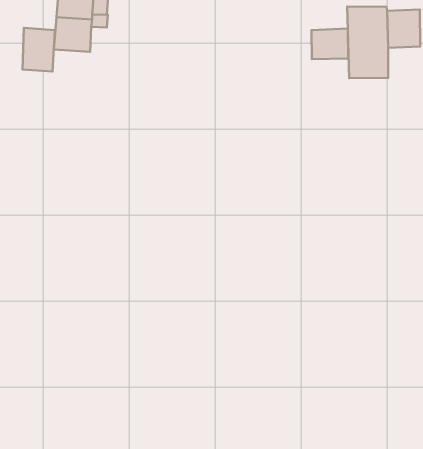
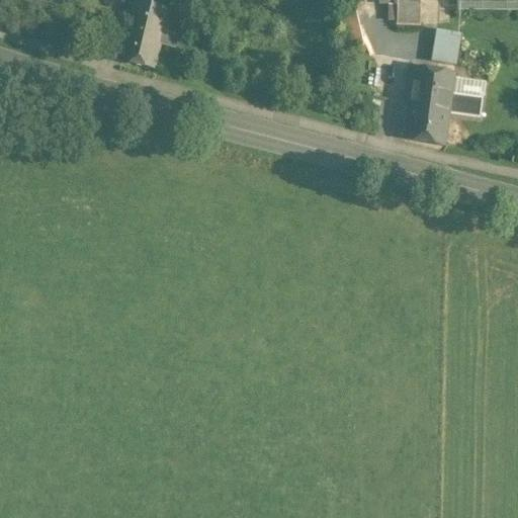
building: [22,28,55,72] -> none
building: [312,28,348,59] -> none

